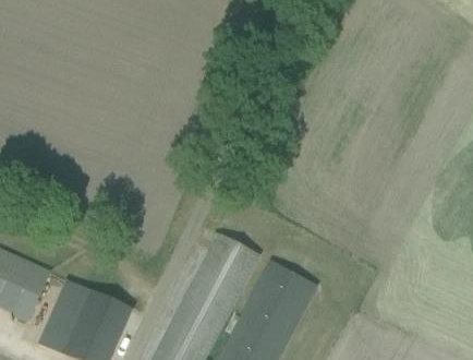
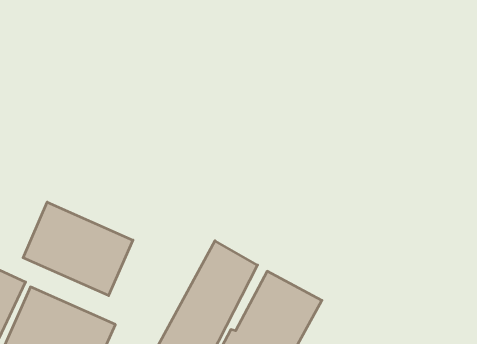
building: none -> [23,202,133,296]

